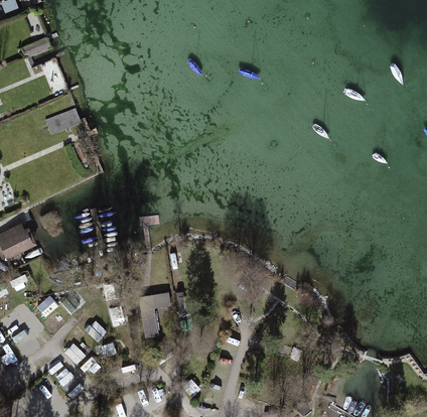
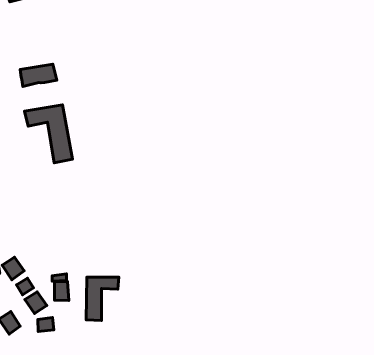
building: none -> [24,105,72,163]

